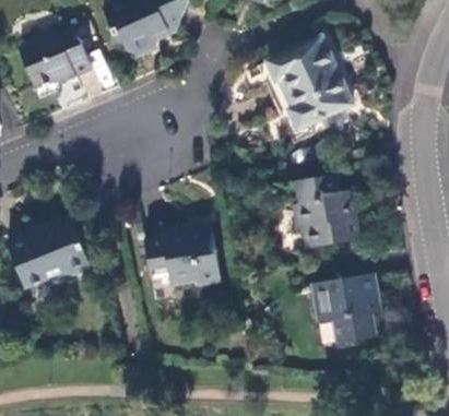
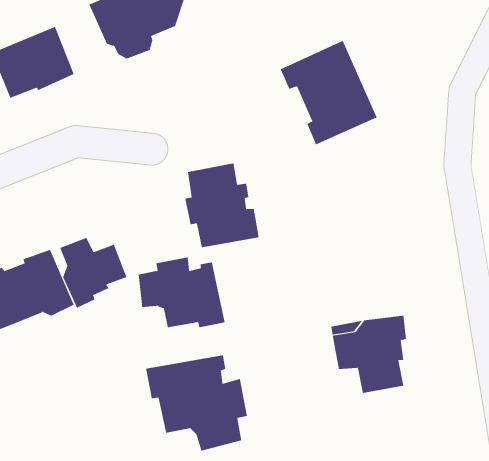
building: [294,176,358,249] -> [185,163,259,248]
building: none -> [59,237,127,309]
building: none -> [146,355,247,452]

